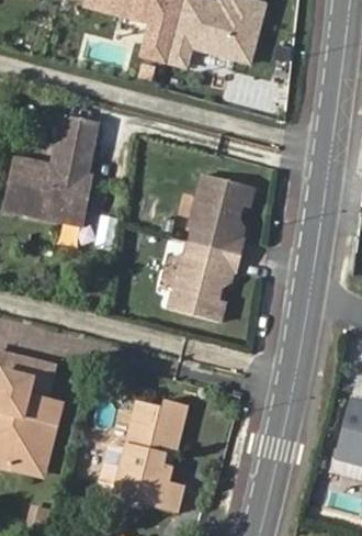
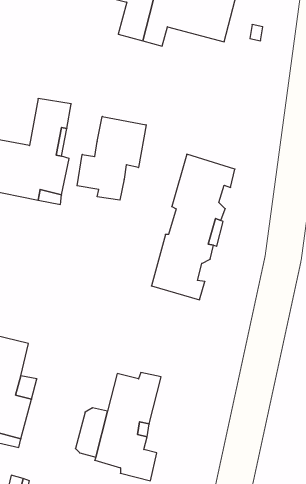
building: none -> [77,116,146,200]

